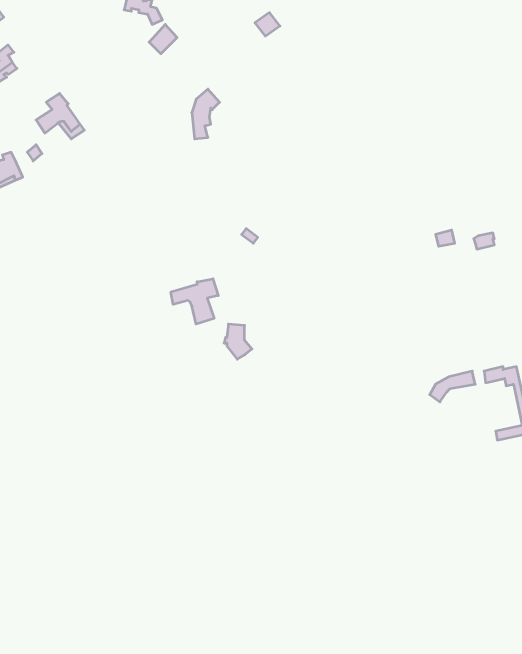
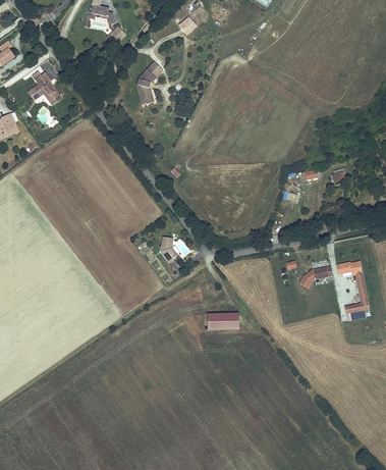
building: [171,279,218,324] -> none
building: none -> [209,313,239,329]

